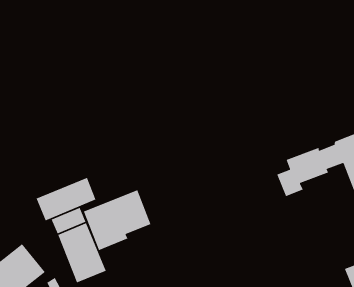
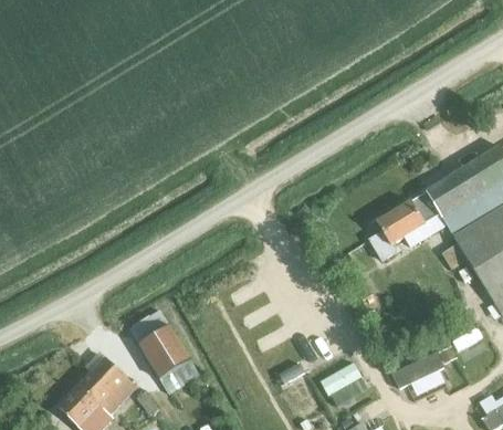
building: [35,177,97,222] -> none
building: [83,189,151,251] -> none

